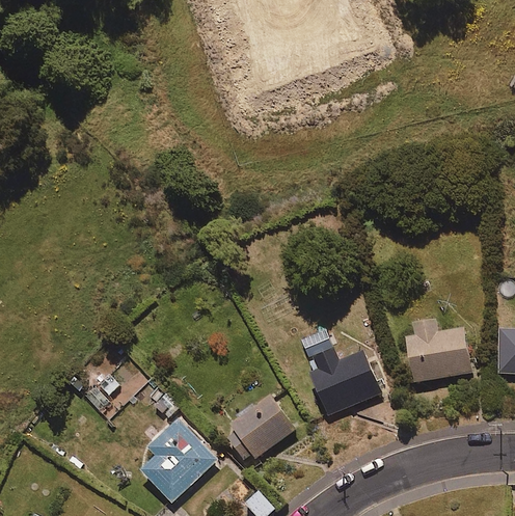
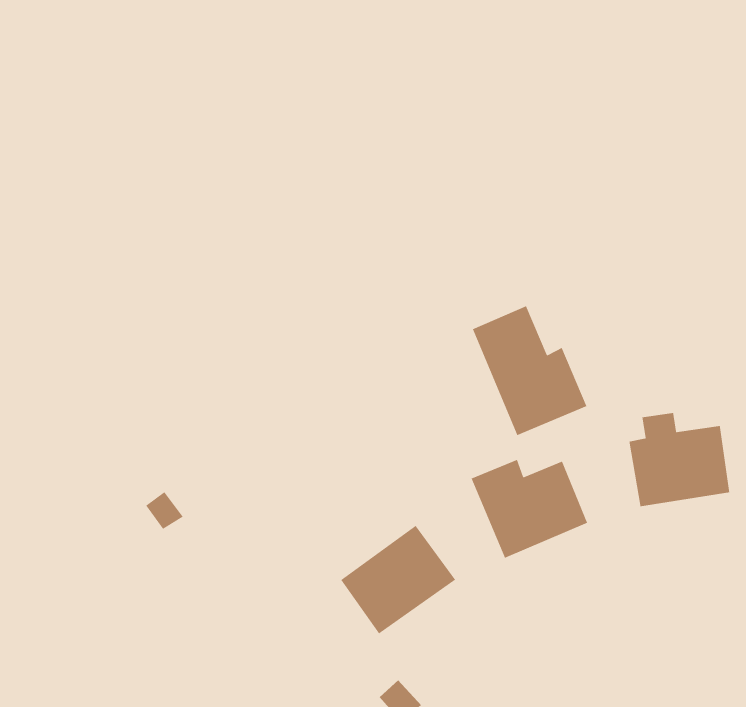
building: none -> [472,305,587,436]
building: [140,418,217,501] -> none

